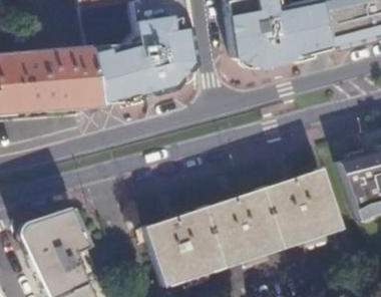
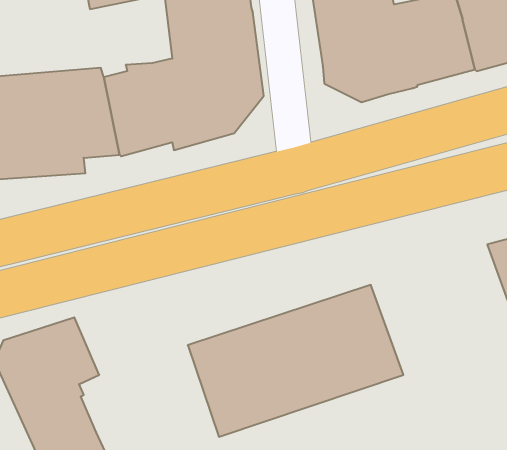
building: [264,169,342,246] -> none

